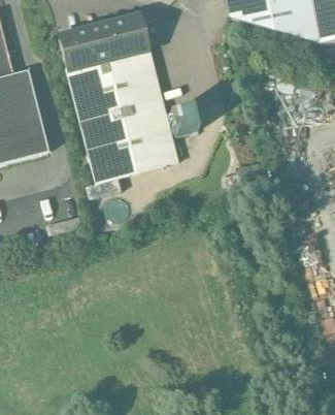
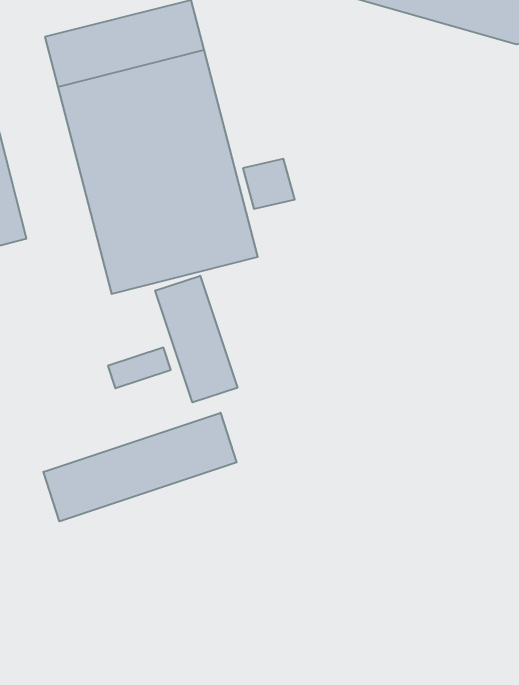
building: none -> [155,276,237,402]
building: none -> [43,413,237,521]

